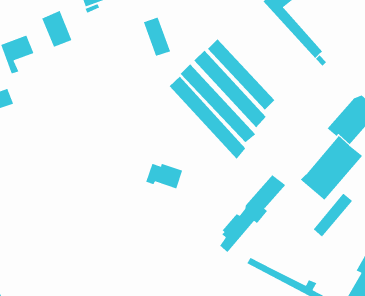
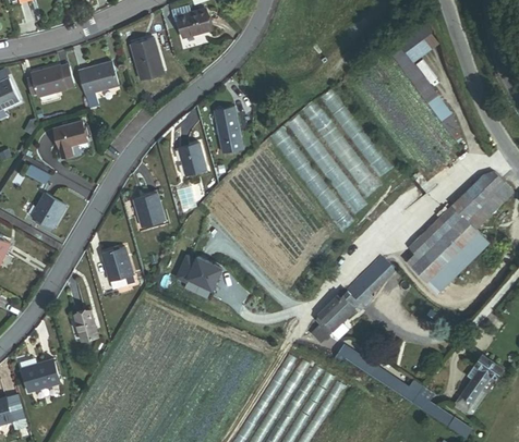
building: [143,17,171,57] -> [215,107,244,154]
building: none -> [178,143,206,176]
building: none -> [133,192,164,226]
building: [145,163,183,189] -> [180,257,226,291]
building: none -> [101,247,135,291]
building: [313,192,353,237] -> [410,206,460,256]
building: none -> [74,310,98,341]

